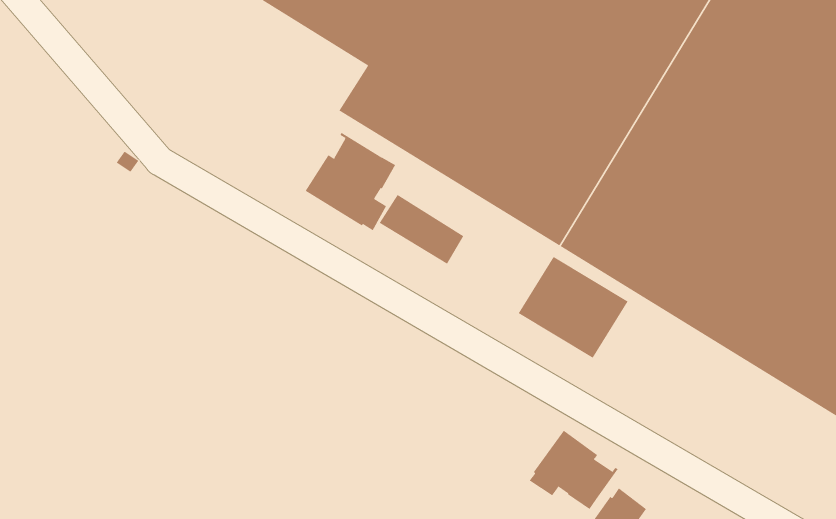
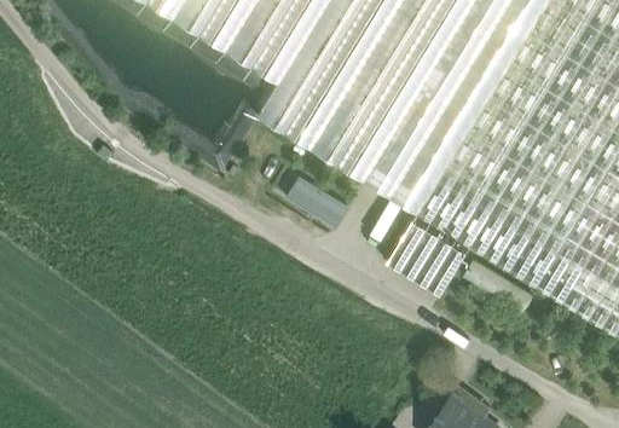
building: [305,132,396,231] -> none
building: [529,430,619,510] -> none

